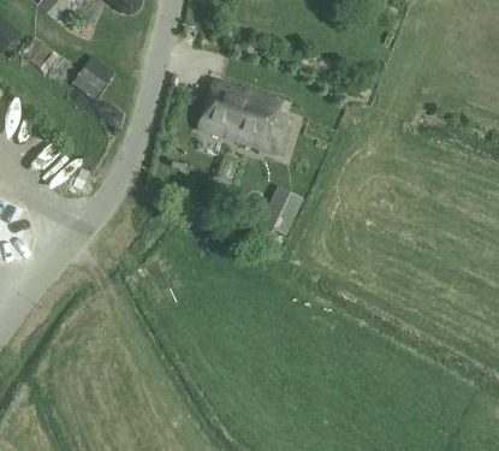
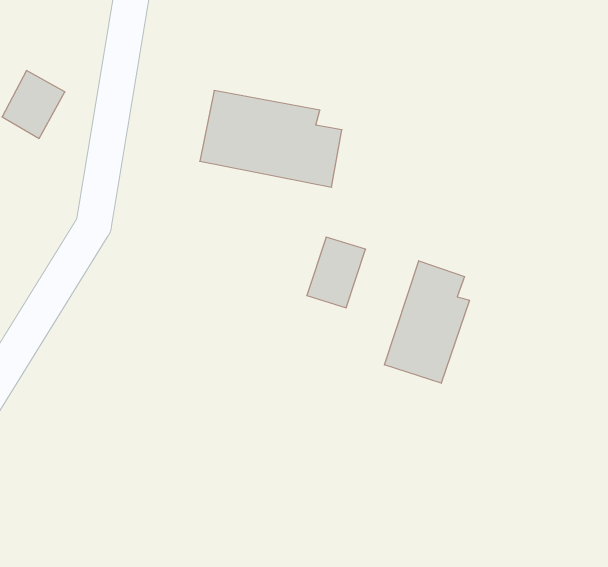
building: none -> [384,261,470,383]

